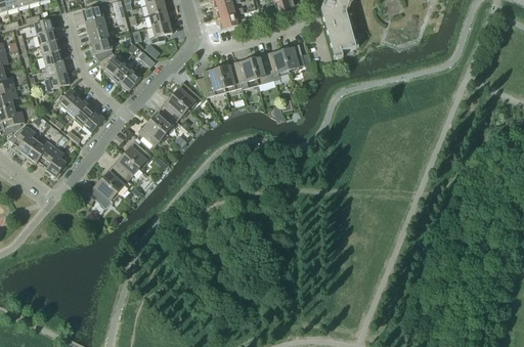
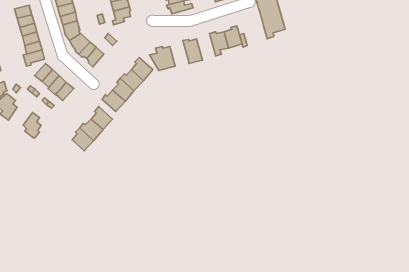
building: [251,52,274,84] -> none
building: [219,60,242,91] -> none
building: [27,140,55,163] -> none
building: [84,179,117,208] -> none

